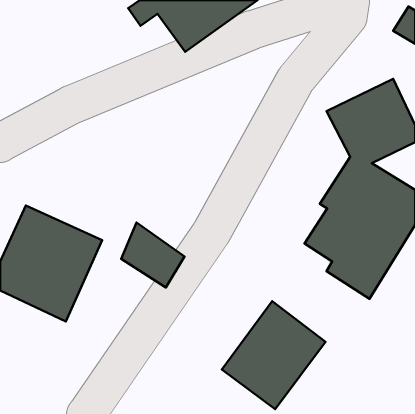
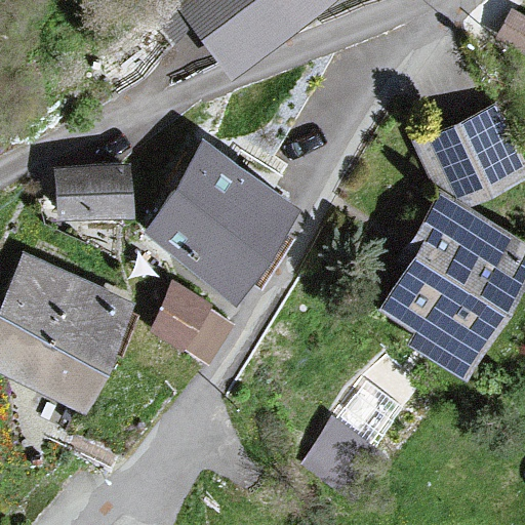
building: none -> [146,148,294,291]
building: none -> [56,165,132,217]

